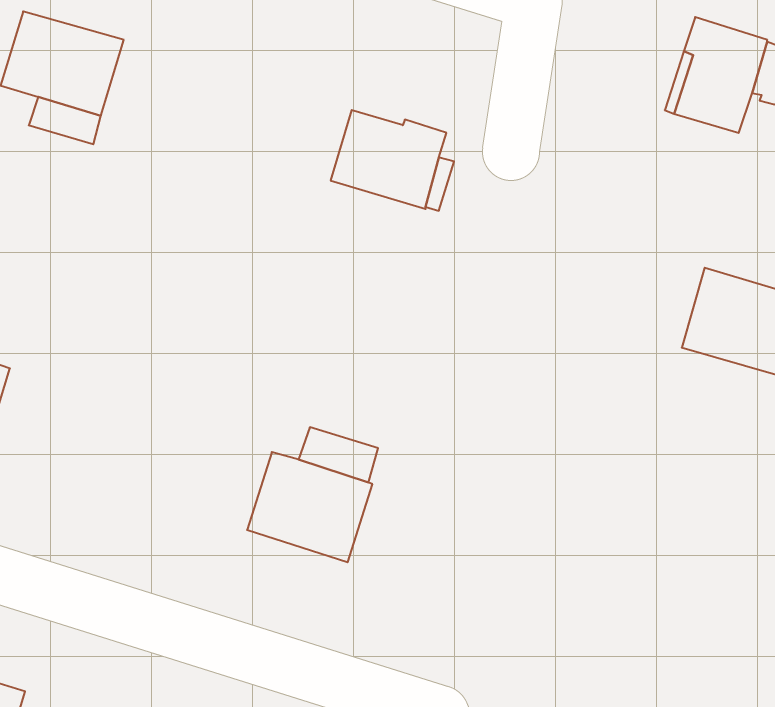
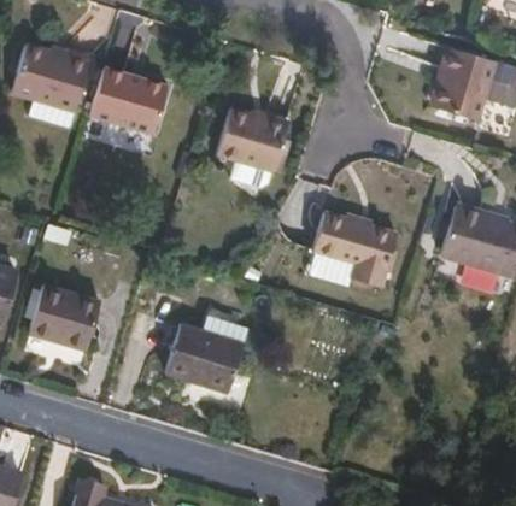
building: none -> [88,65,168,134]
building: none -> [312,212,400,290]
building: none -> [28,282,99,347]

